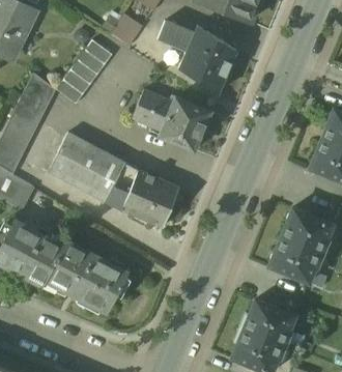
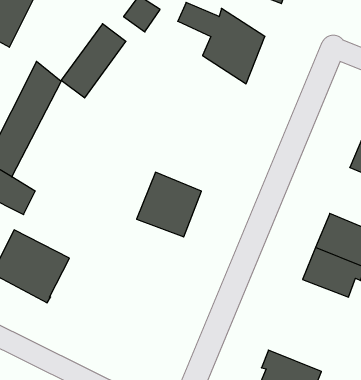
building: [133,89,211,150] -> none
building: [49,133,139,211] -> none
building: [46,241,127,312] -> none
building: [238,299,293,345] -> none

